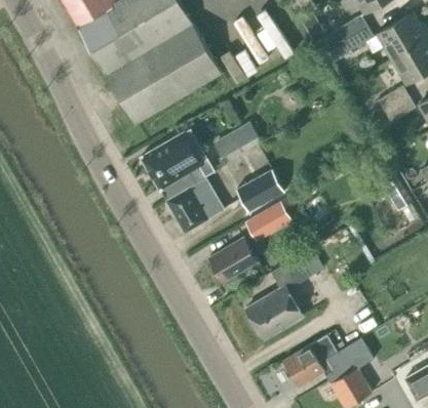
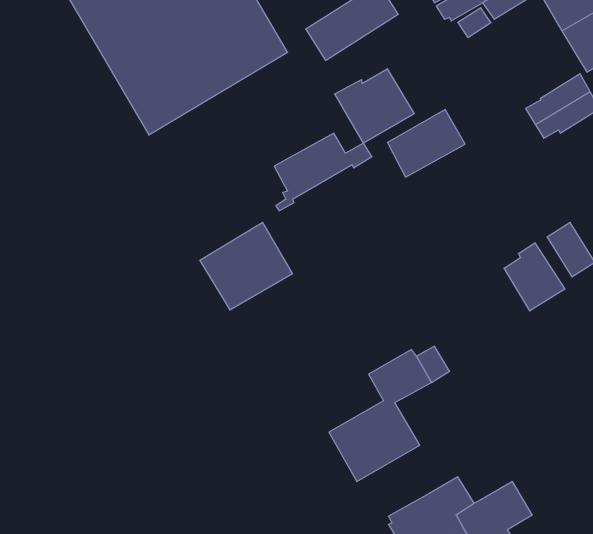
building: none -> [335,69,414,143]
building: [142,132,206,199] -> none
building: [237,169,285,211] -> [387,109,465,177]
building: none -> [504,243,565,311]
building: [246,202,291,235] -> none
building: [209,237,258,281] -> none

